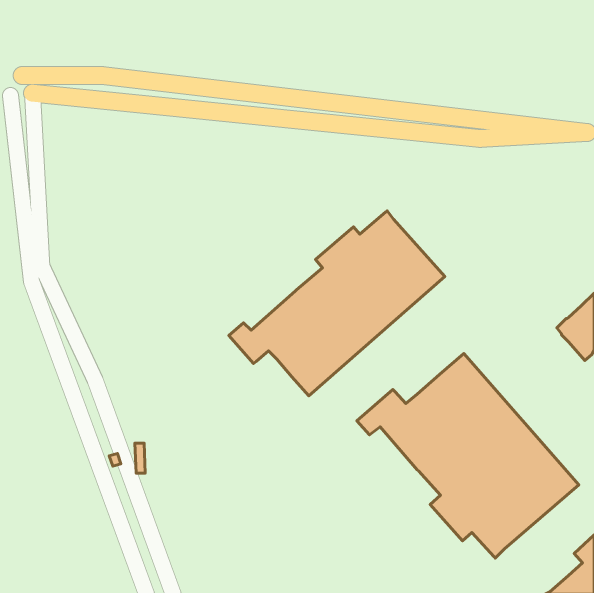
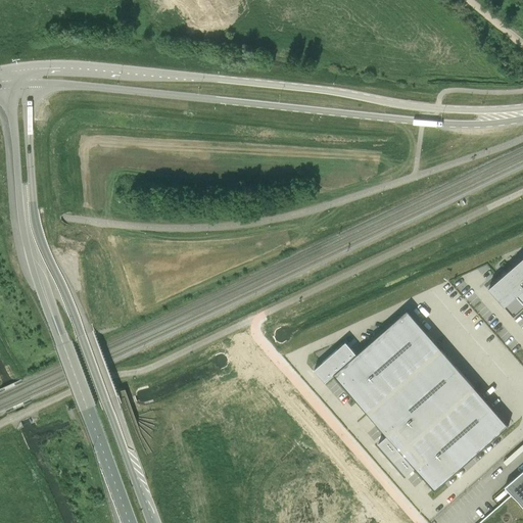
building: [229,211,445,396] -> none

